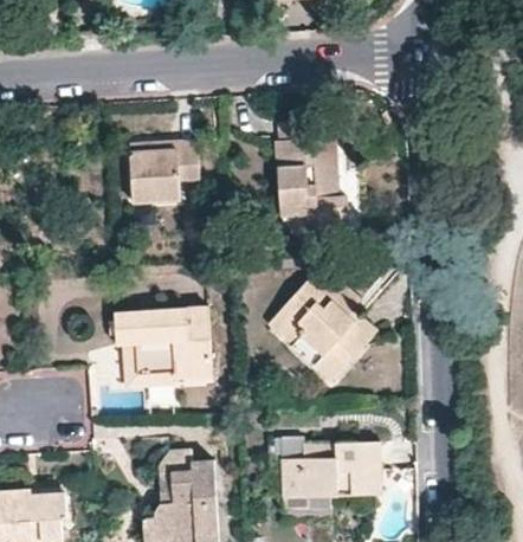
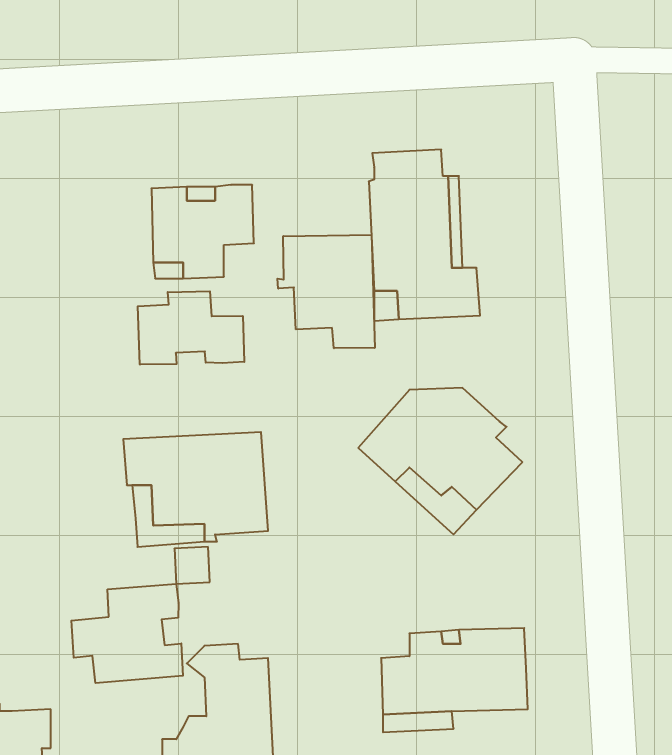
building: none -> [277,235,375,348]
building: none -> [138,291,244,365]
building: none -> [71,584,183,683]

